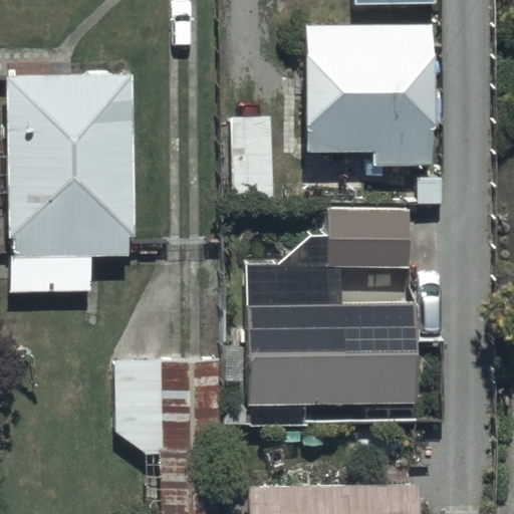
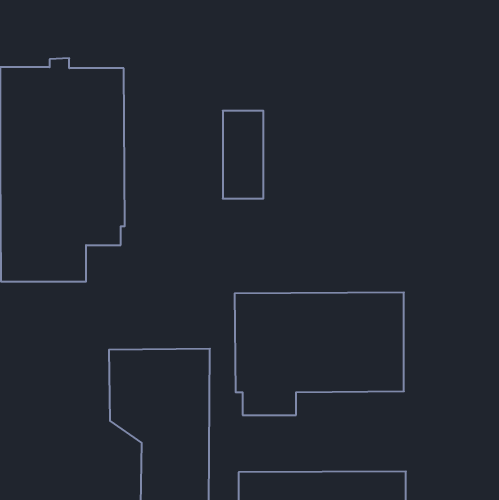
building: [302,24,434,166] -> none
building: [328,208,409,295] -> none

